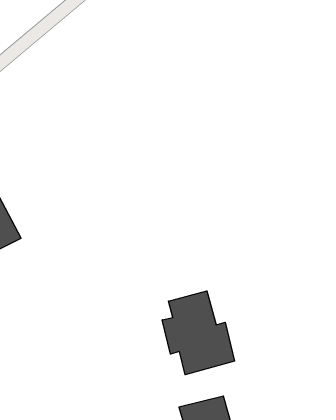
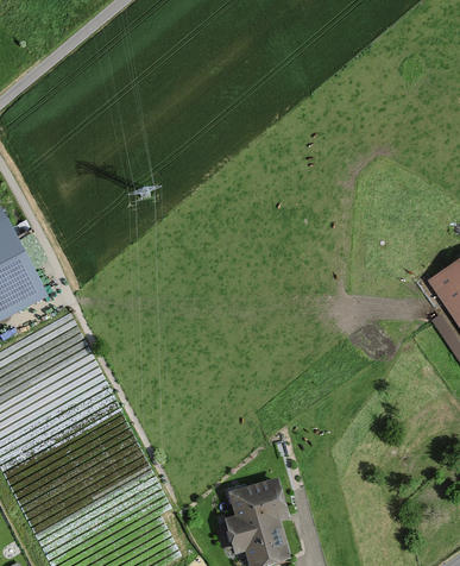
building: [162,291,235,375] -> none

